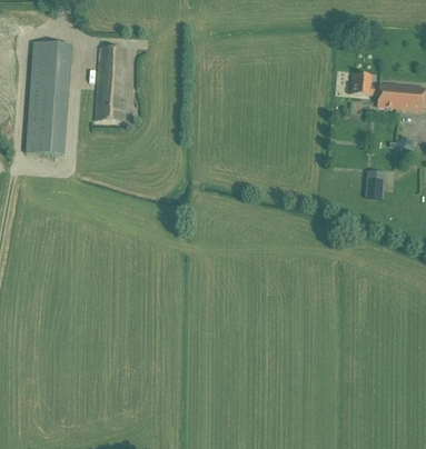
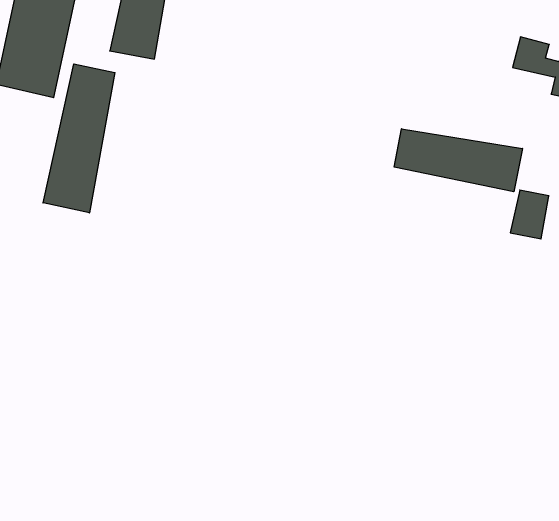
building: none -> [43,64,115,213]
building: none -> [394,129,522,192]

